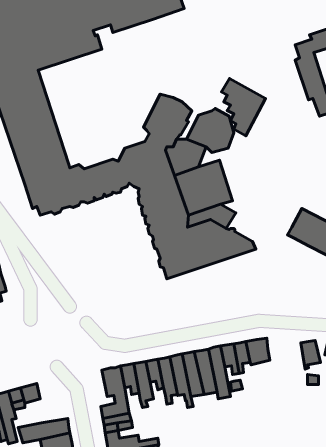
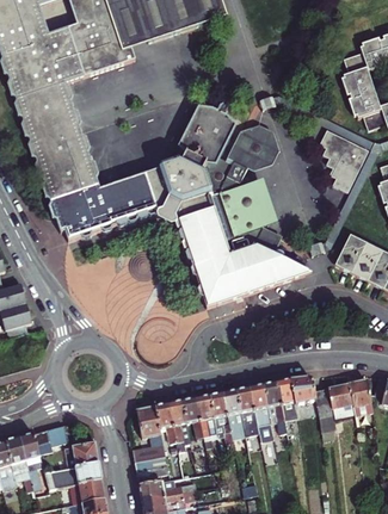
building: [222,79,266,136] -> [321,130,369,192]
building: none -> [315,379,355,415]
building: none -> [64,440,98,466]

